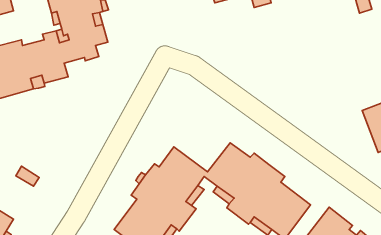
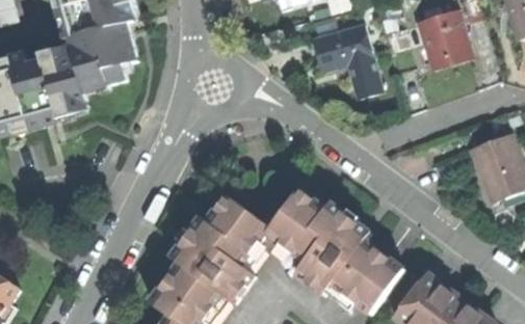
building: none -> [417,9,467,62]
building: none -> [311,24,382,98]

